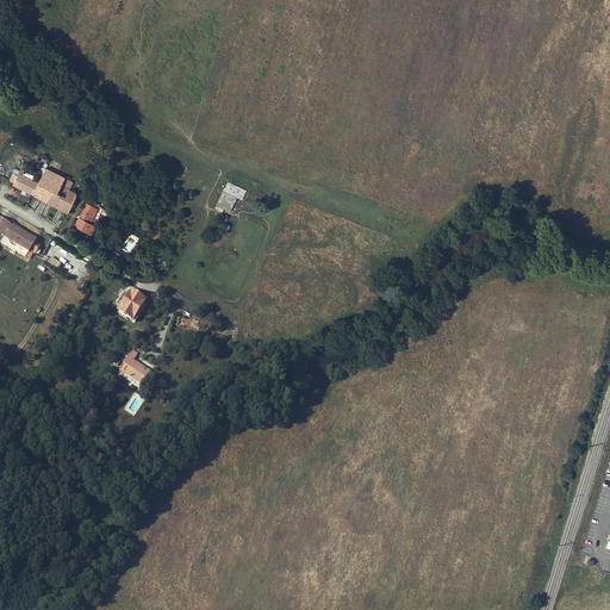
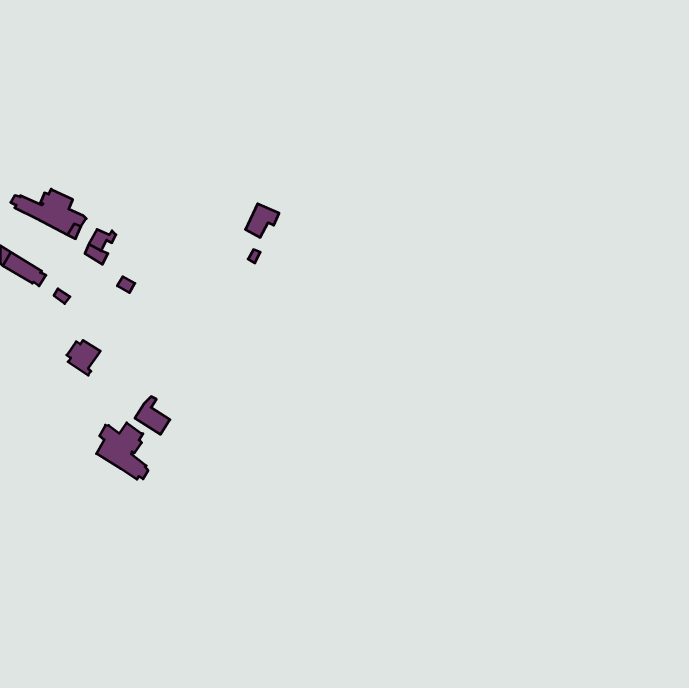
building: [117,290,147,320] -> [67,340,100,375]
building: none -> [96,423,148,479]

